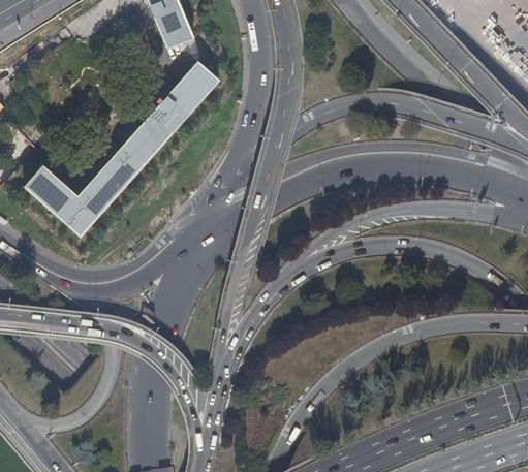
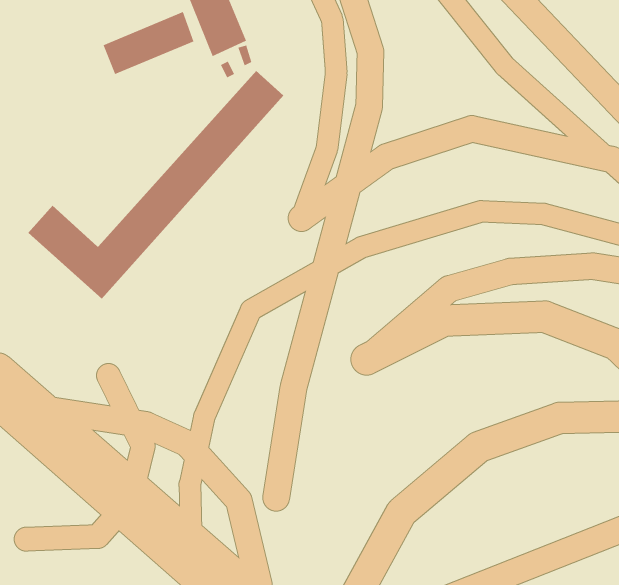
building: none -> [103,11,194,75]

